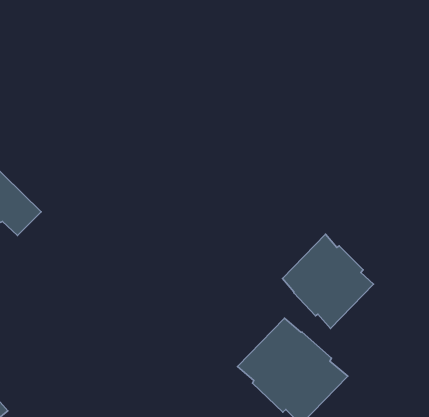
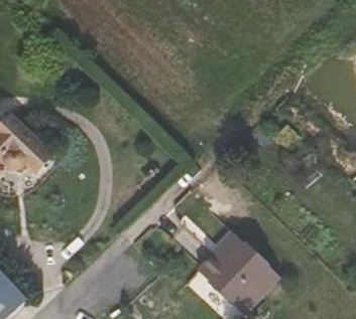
building: [282,234,373,328] -> none

